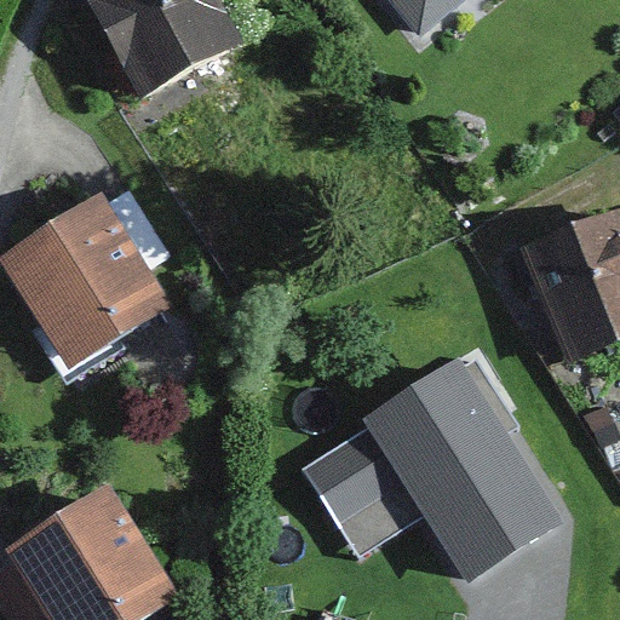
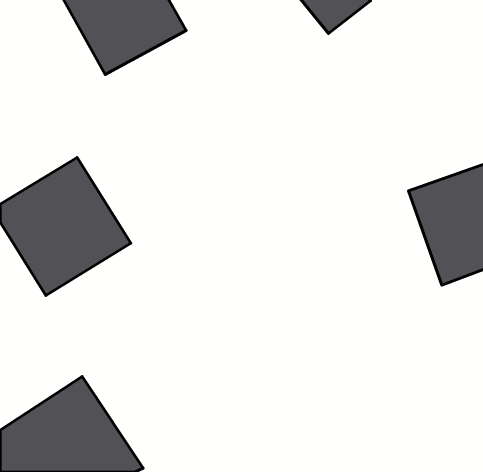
building: [286,369,546,595] -> none

